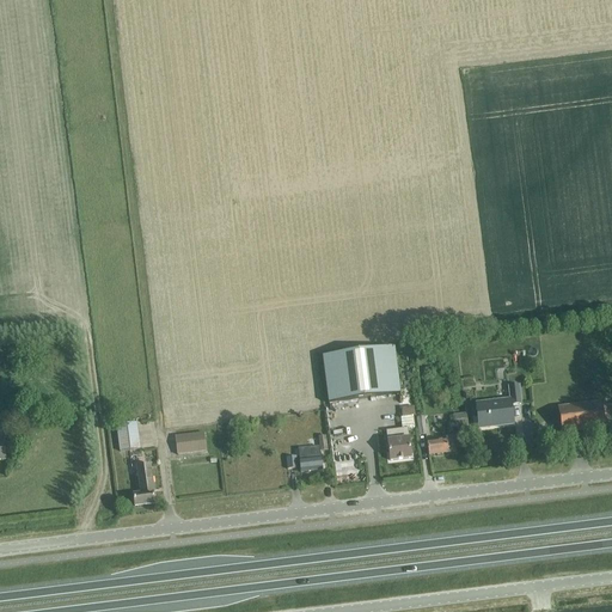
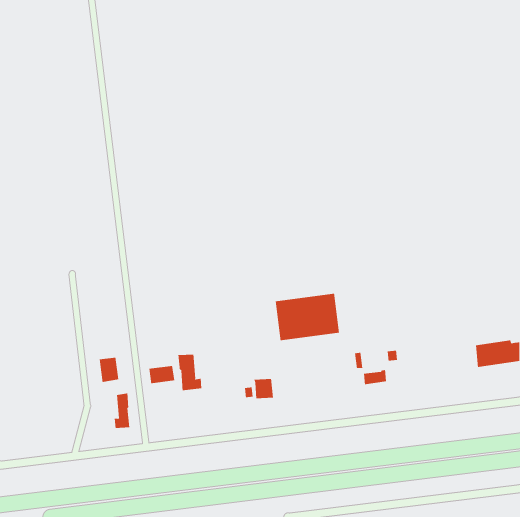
building: [476,384,520,426] -> none
building: [386,414,415,458] -> none
building: none -> [178,354,202,391]

